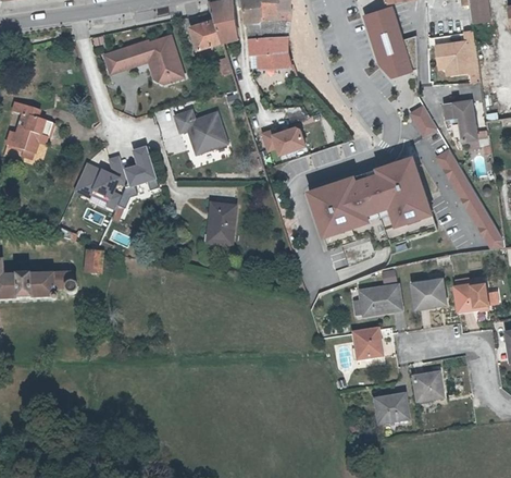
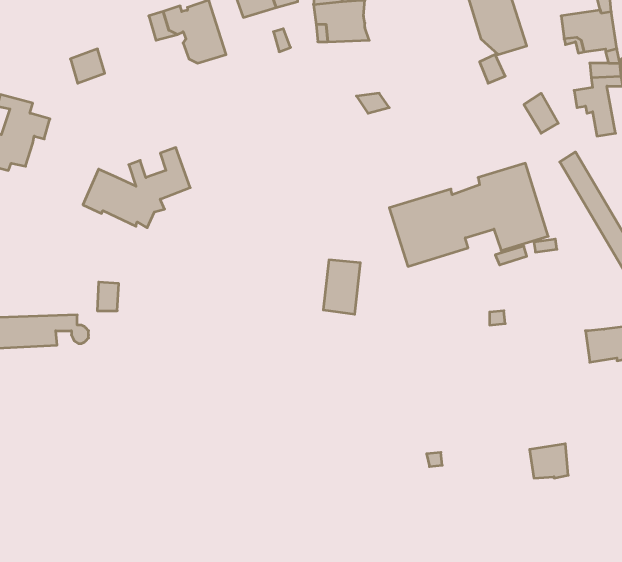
building: [103,47,129,73] -> [70,49,105,83]
building: [174,110,225,154] -> none
building: [261,127,303,155] -> none
building: [208,204,236,245] -> [323,260,360,314]
building: [414,280,446,306] -> none
building: [359,285,403,314] -> none
building: [356,329,381,358] -> none
building: [375,395,408,424] -> none

